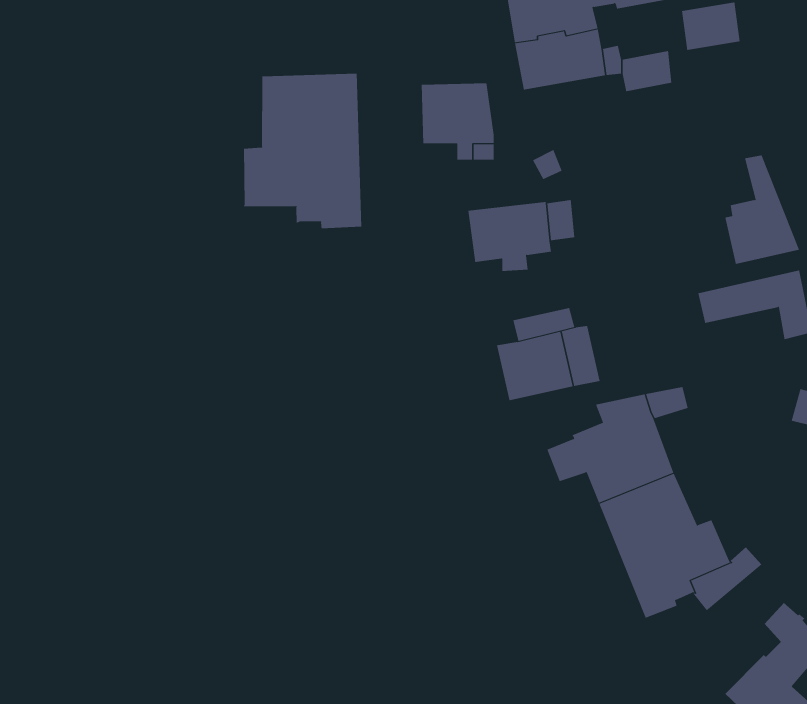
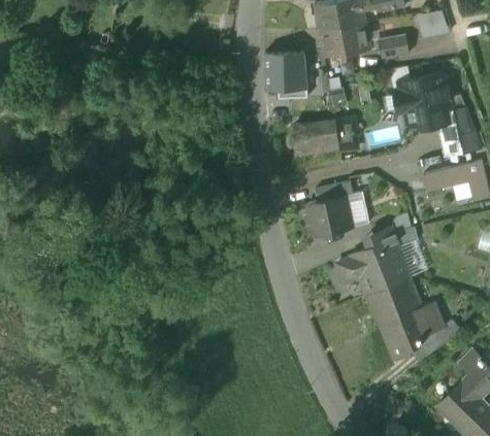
building: [243,73,362,229] -> none
building: none -> [394,74,456,126]

